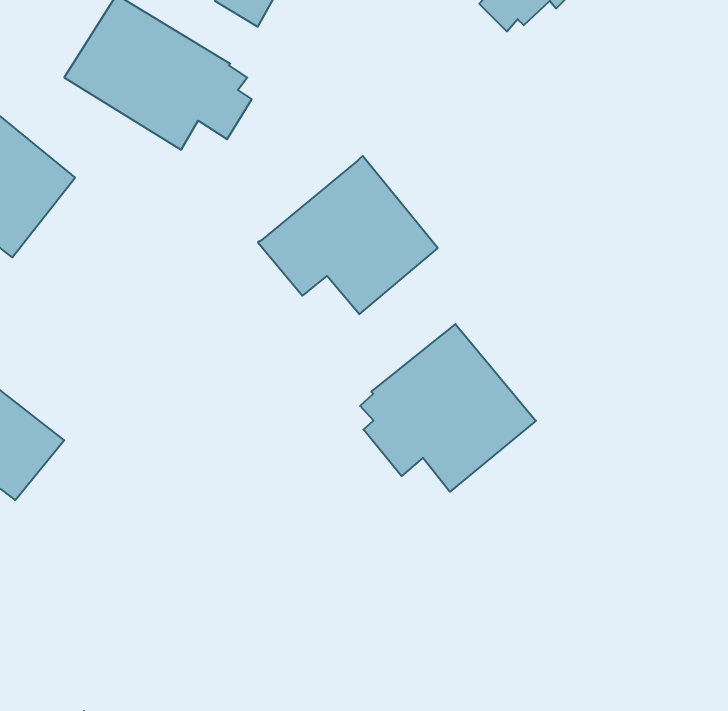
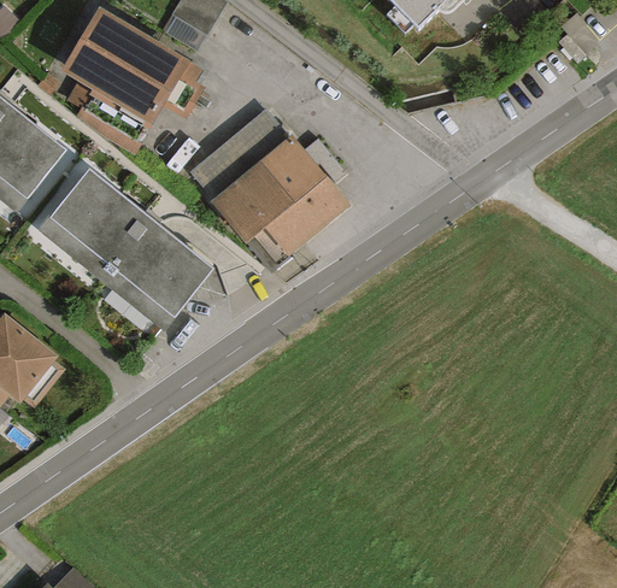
building: none -> [188,108,287,198]
building: none -> [37,166,211,330]
building: [360,324,536,492] -> none

